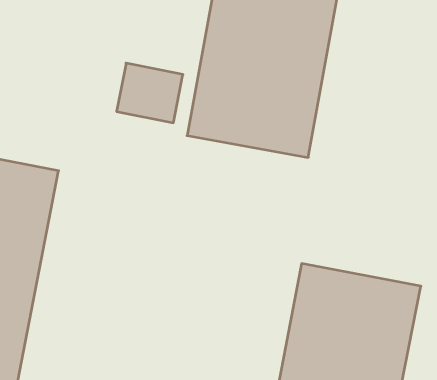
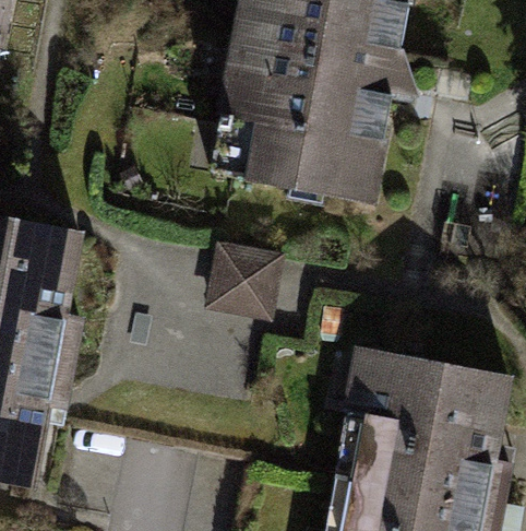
building: [117,63,183,123] -> [201,235,277,304]

